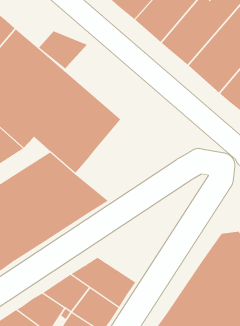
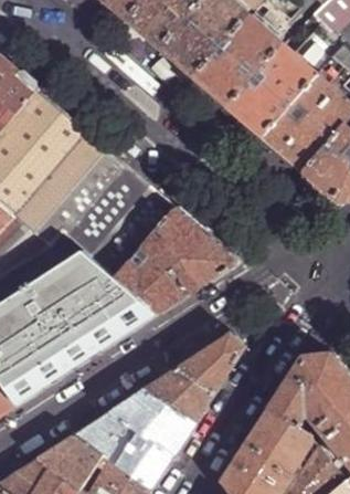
building: [38,30,88,70] -> none
building: none -> [114,208,234,314]
building: none -> [142,332,243,421]

